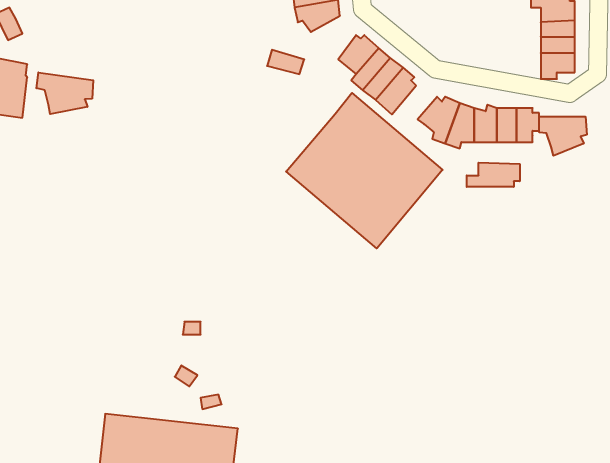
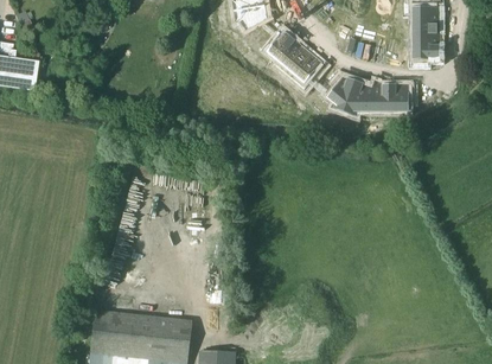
building: [36,72,93,114] -> none
building: [286,93,443,248] -> none
building: [539,117,587,156] -> none
building: [467,163,520,187] -> none

